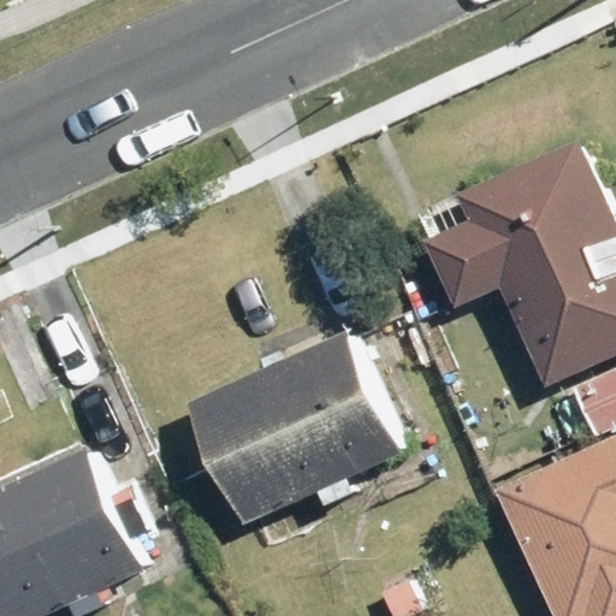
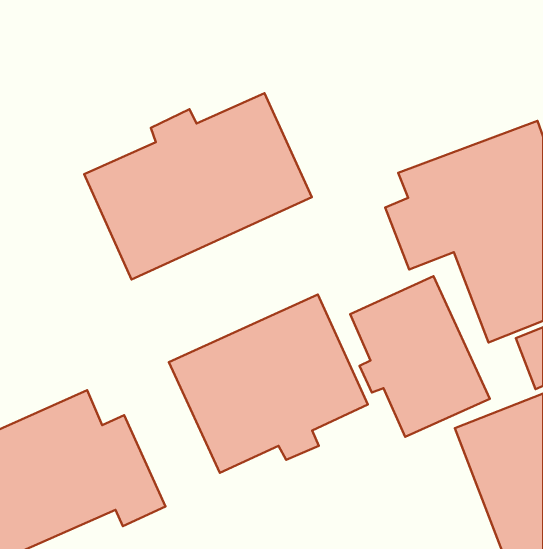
building: none -> [84,93,312,279]
building: none -> [350,276,490,437]

